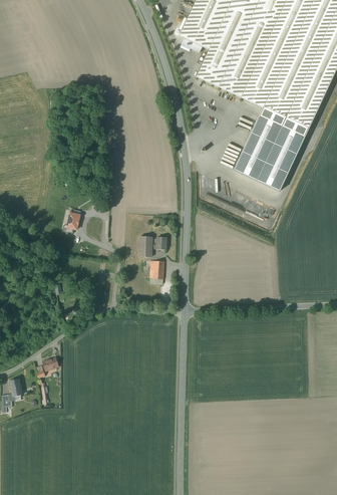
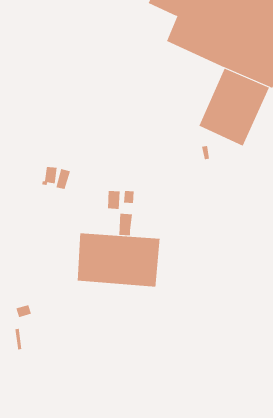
building: none -> [77,232,160,287]

